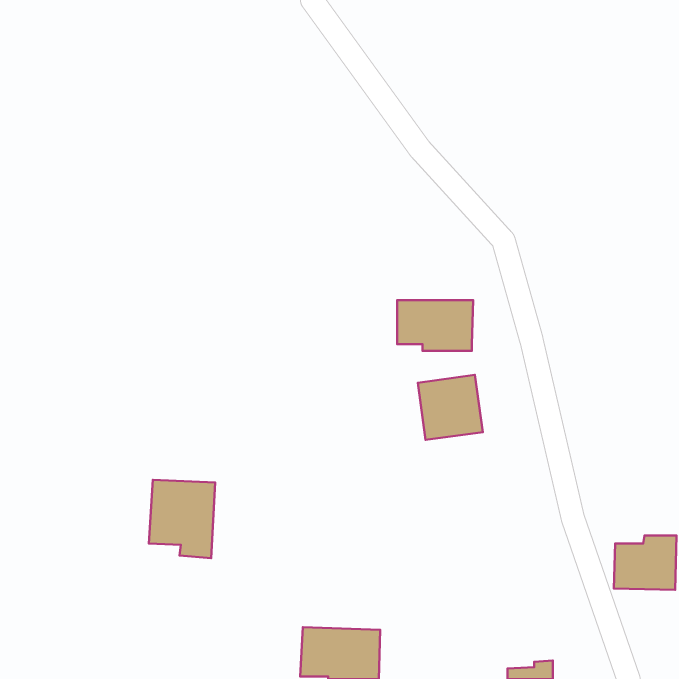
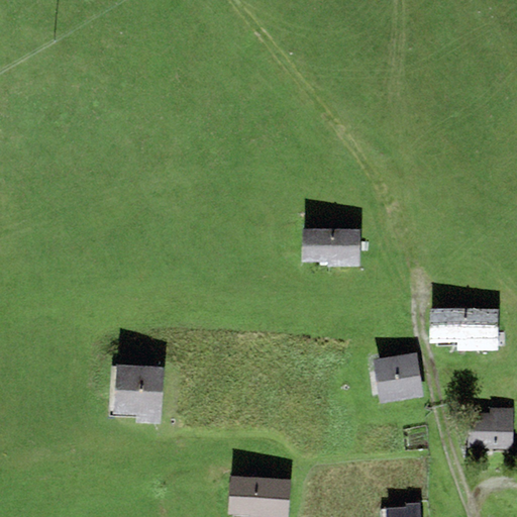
building: [418,375,483,440] -> [373,352,422,402]
building: none -> [429,307,498,350]

